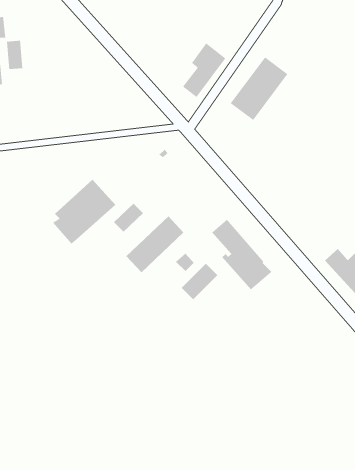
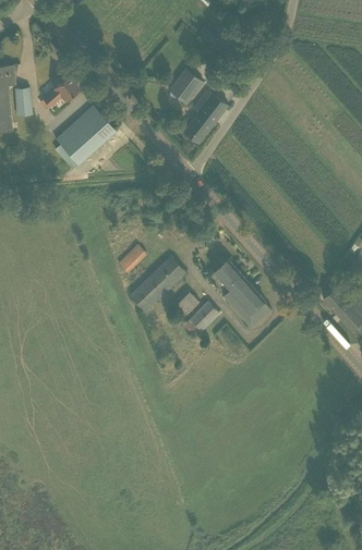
building: none -> [170,69,204,103]
building: none -> [43,76,79,107]
building: [230,57,288,121] -> none
building: [52,179,116,244] -> [53,106,116,169]

